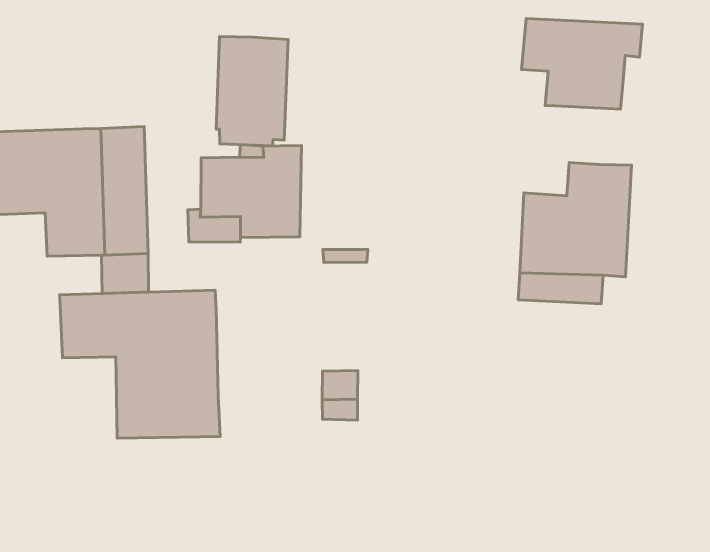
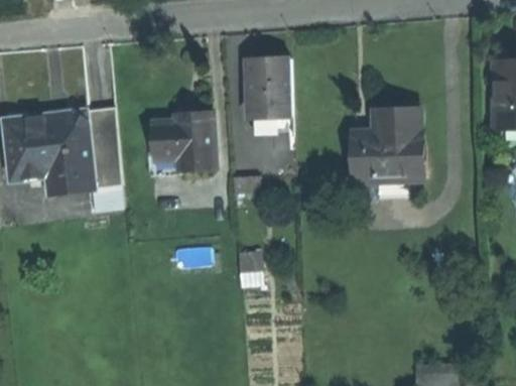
building: [522,19,642,109] -> none
building: [216,36,288,146] -> [247,57,292,126]
building: [59,290,220,438] -> none

